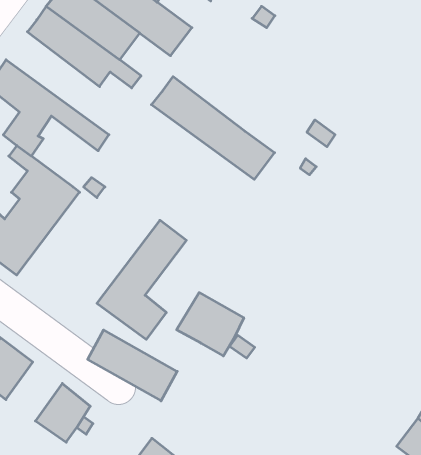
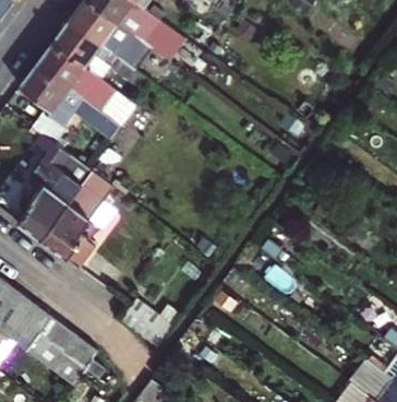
building: [151,77,275,179] -> [33,44,133,128]
building: [97,220,186,339] -> [41,175,115,272]
building: [177,293,244,356] -> none
building: none -> [33,314,79,362]

